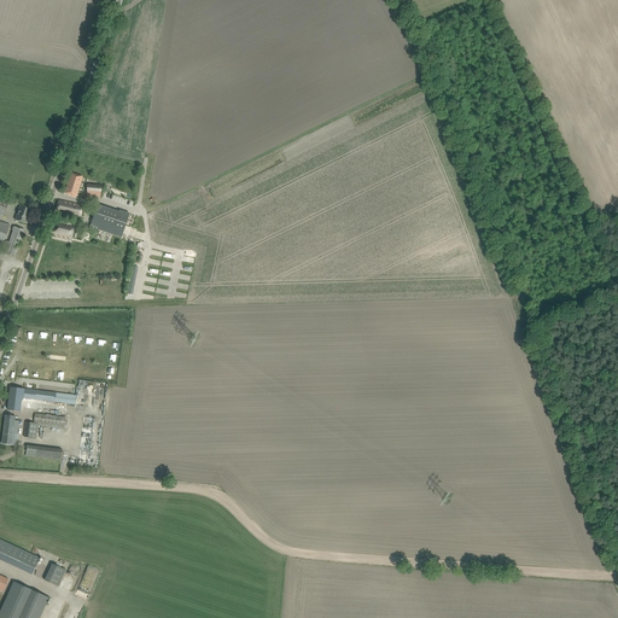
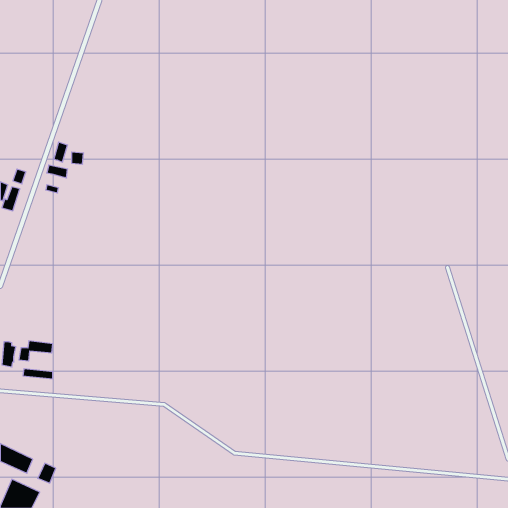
building: [89,205,128,238] -> none
building: [7,387,76,412] -> none

